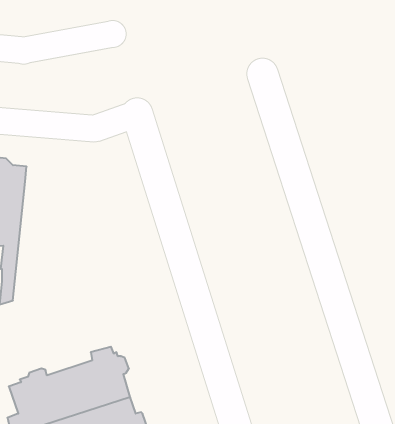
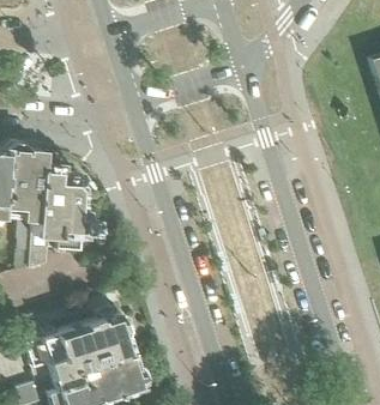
building: none -> [29,163,92,268]

